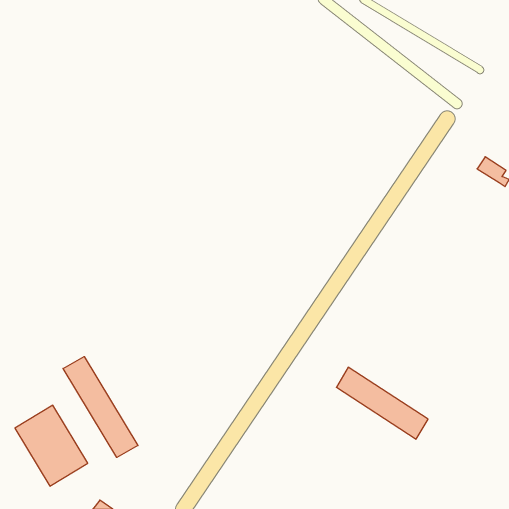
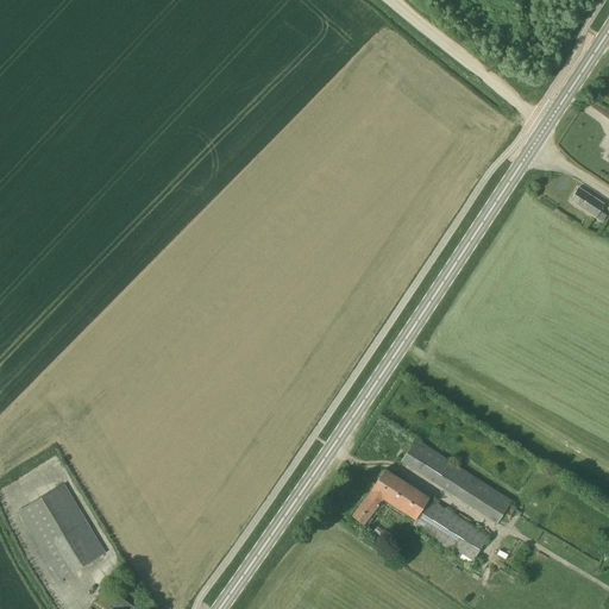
building: [63,357,138,457] -> none
building: none -> [353,469,489,563]

